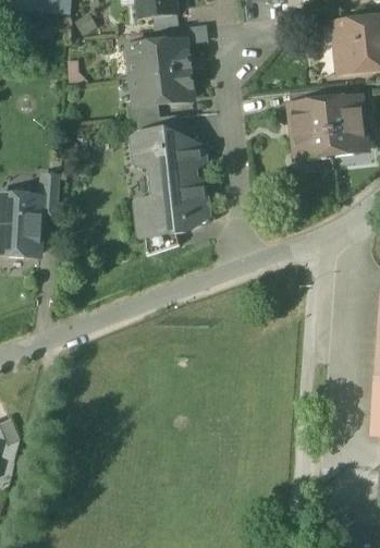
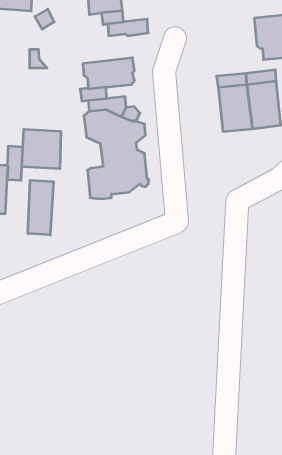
building: [130,41,189,76] -> none
building: none -> [22,129,61,169]
building: none -> [28,180,53,235]

